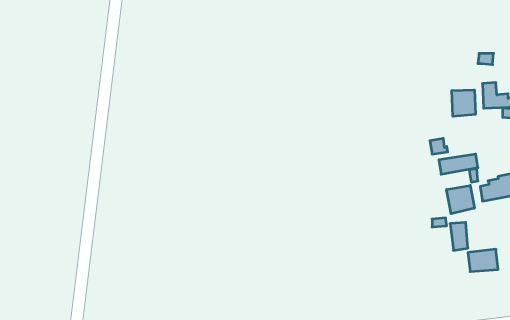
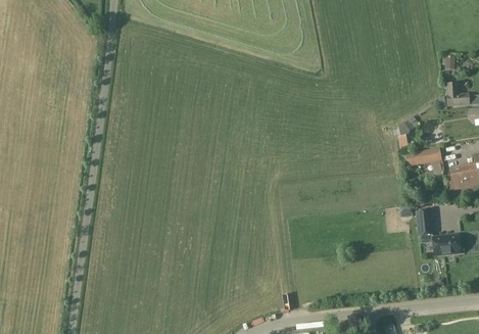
building: [452,90,475,116] -> none
building: [447,185,474,214] -> none

